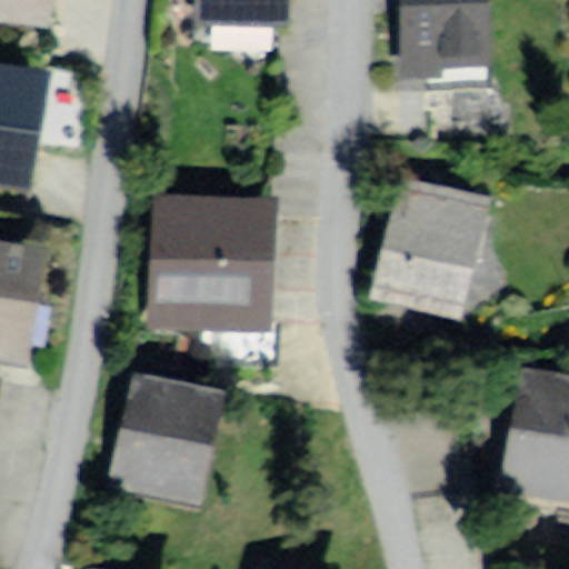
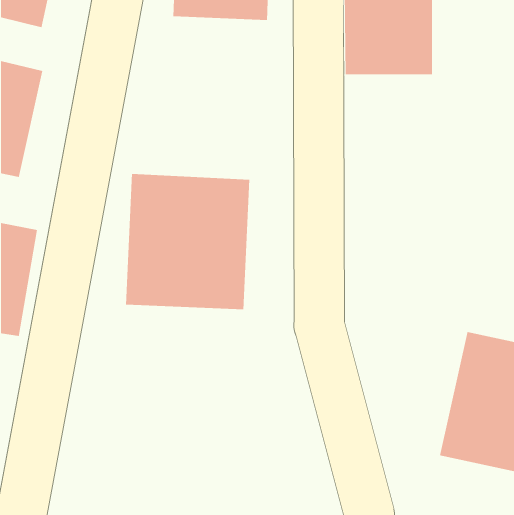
building: [363,180,488,325] -> none
building: [109,369,228,502] -> none

